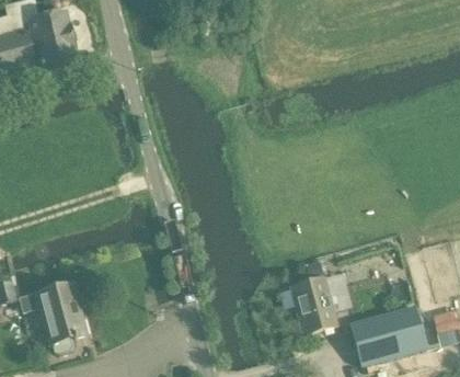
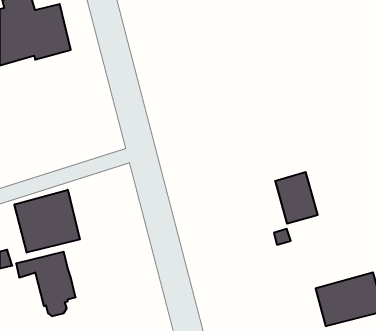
building: none -> [14,190,80,253]
building: [290,276,337,333] -> [275,172,318,224]

